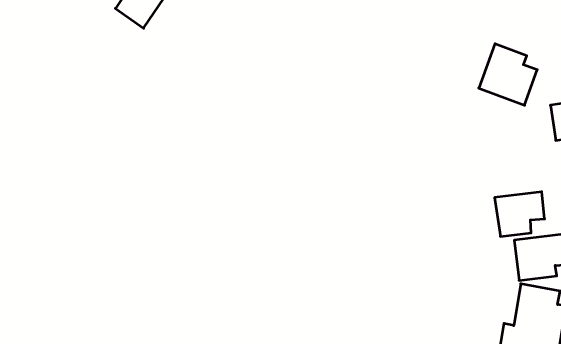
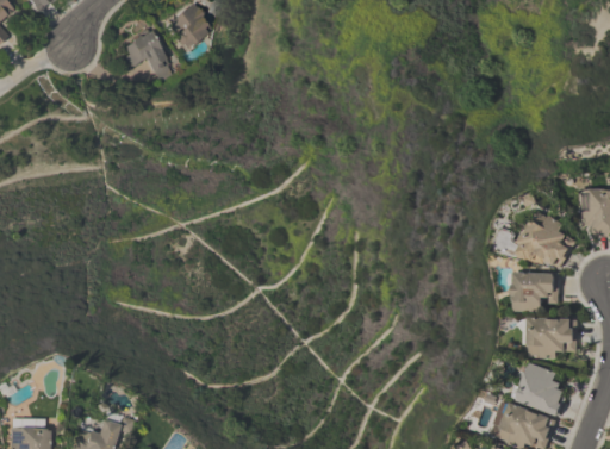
building: none -> [122,31,174,81]
building: [479,44,537,105] -> [516,208,577,274]

